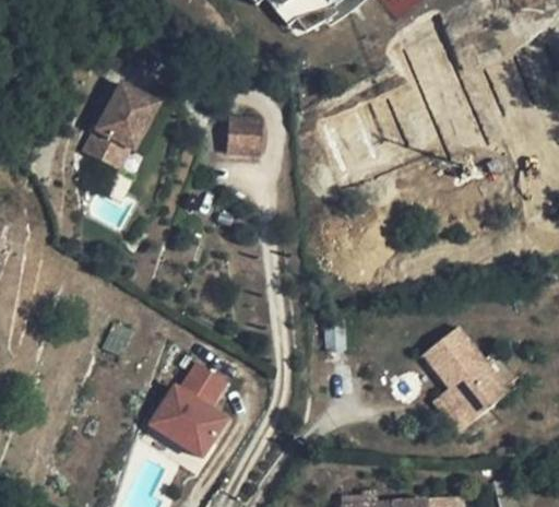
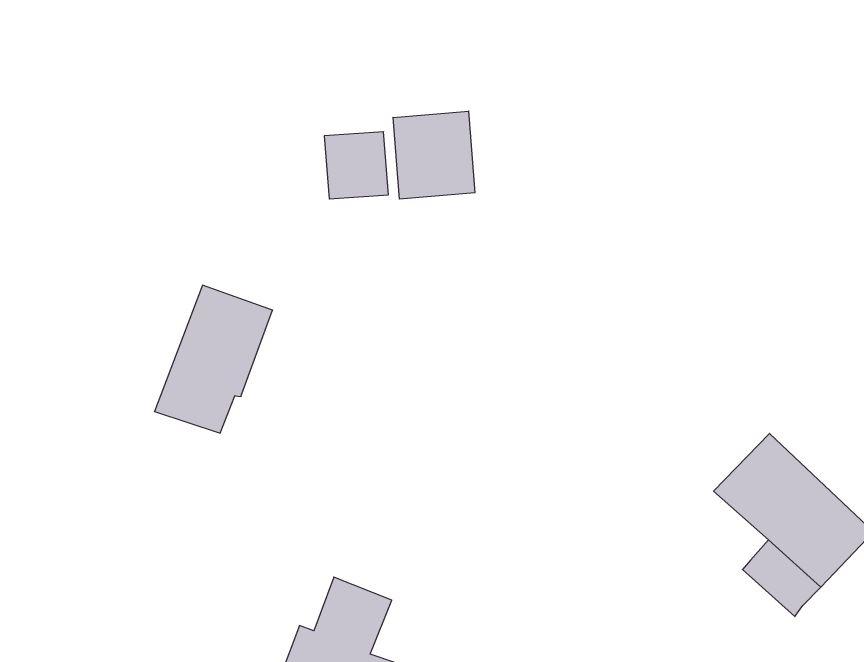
building: [86,78,163,163] -> [154,285,273,433]
building: none -> [393,111,475,199]

